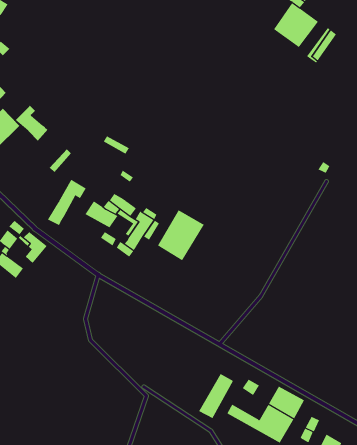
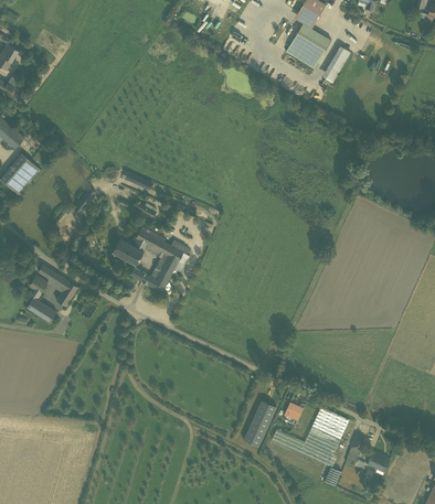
building: [15,105,49,141] -> none
building: [47,179,87,226] -> none
building: [157,209,205,261] -> none

